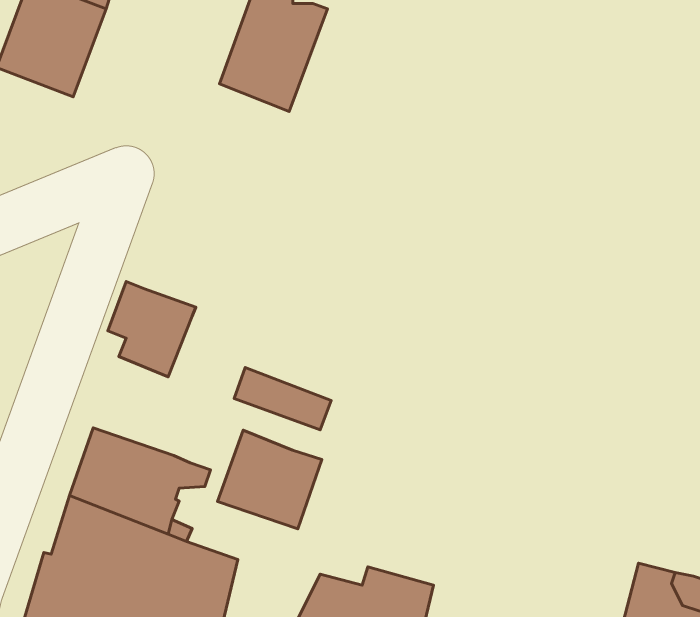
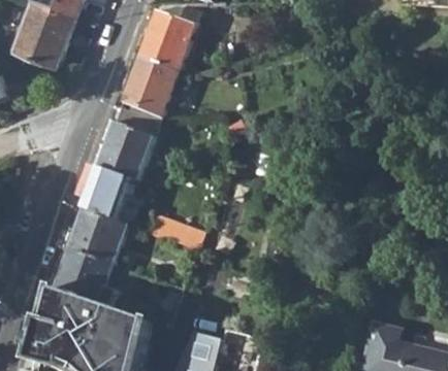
building: none -> [121,57,177,117]
building: none -> [95,109,157,191]
building: [217,430,322,529] -> [66,210,125,266]

